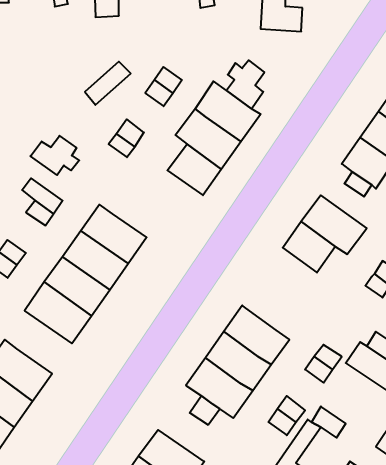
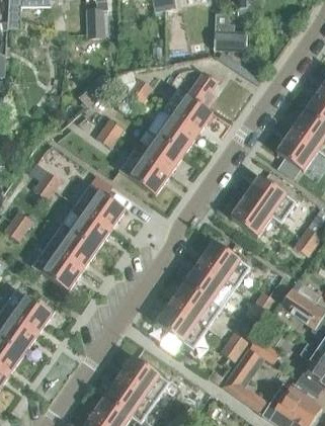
building: [30,136,79,175] -> none
building: none -> [118,149,169,194]
building: none -> [199,240,250,286]

